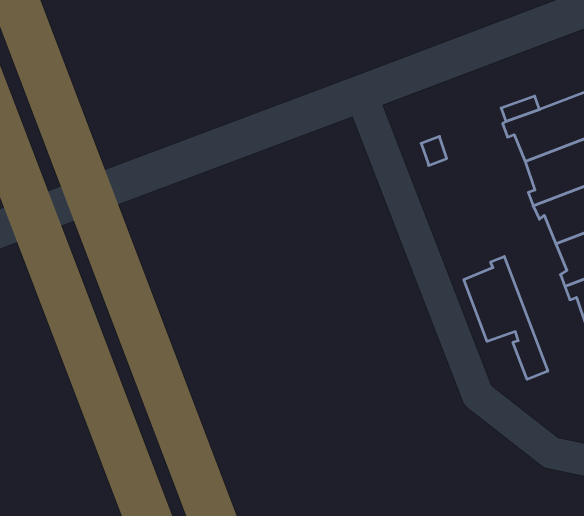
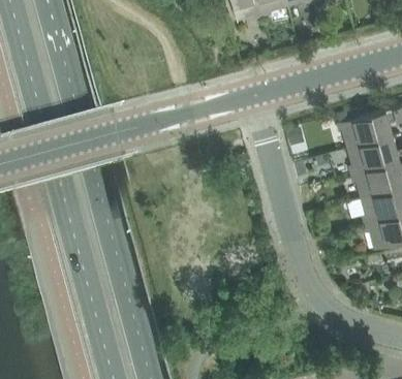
building: [464,256,548,379] -> none

